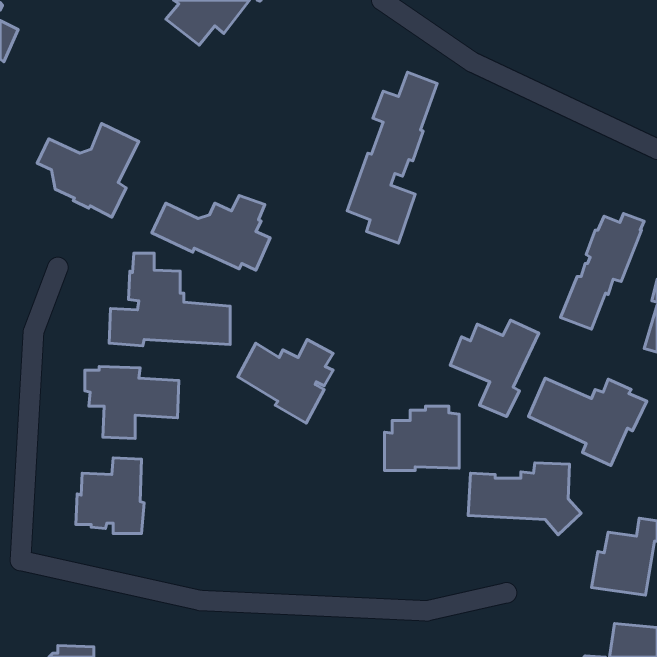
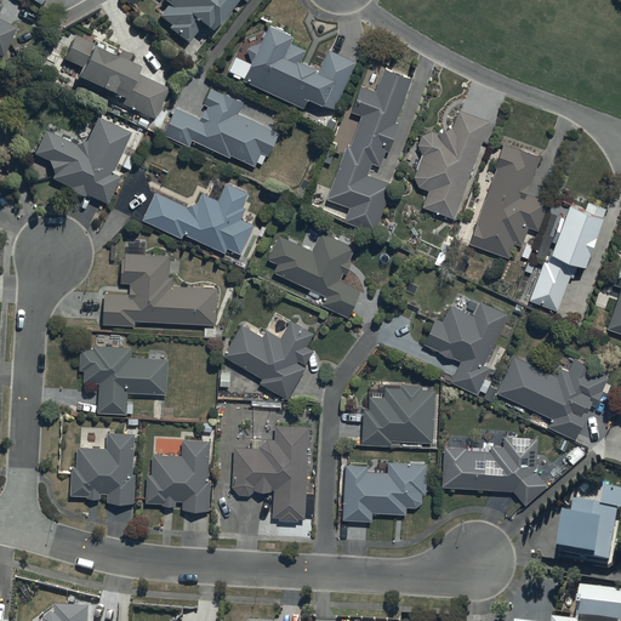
building: none -> [244,24,358,109]
building: none -> [64,34,167,119]
building: none -> [163,86,279,166]
building: none -> [415,110,490,218]
building: none -> [471,143,549,258]
building: none -> [268,230,361,317]
building: none -> [233,425,309,522]
building: none -> [146,439,211,511]
building: none -> [343,461,427,522]

